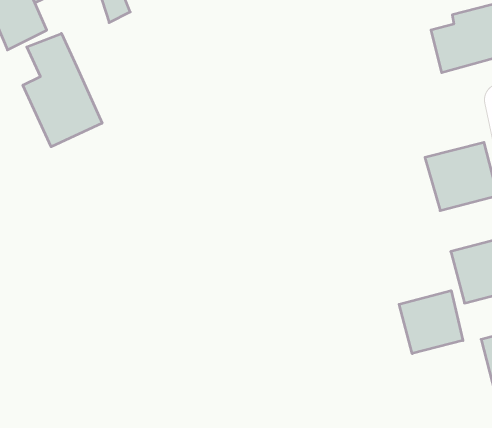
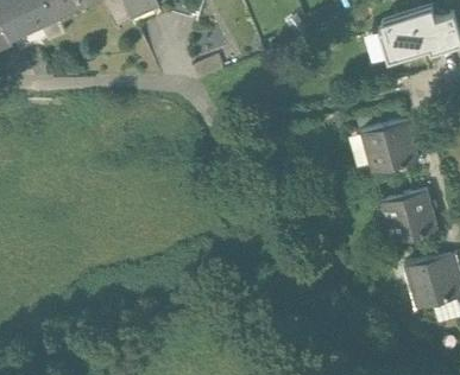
building: [23,33,102,147] -> none
building: [399,291,463,354] -> none

